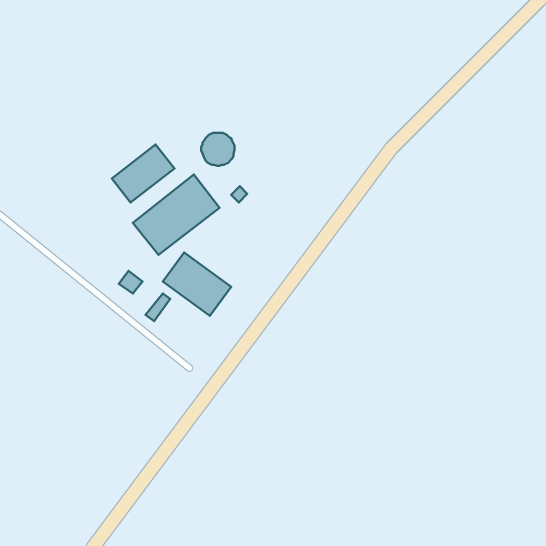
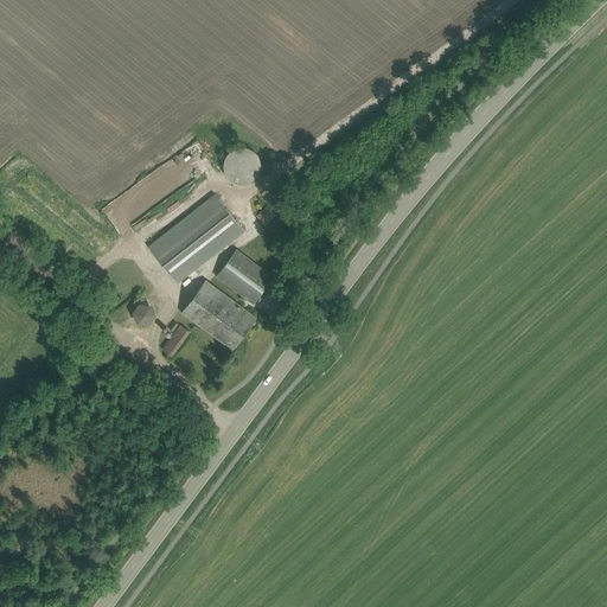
building: [112,145,174,202] -> none
building: none -> [215,250,273,305]

